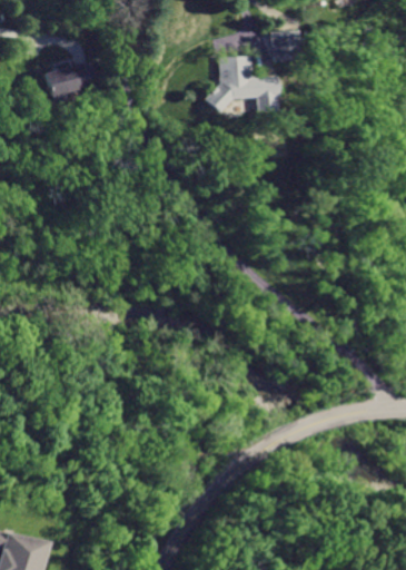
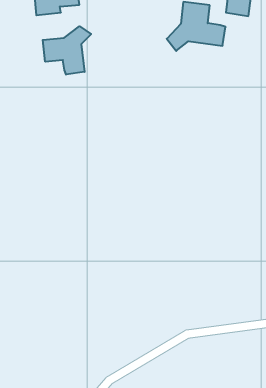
building: none -> [43,26,91,75]

